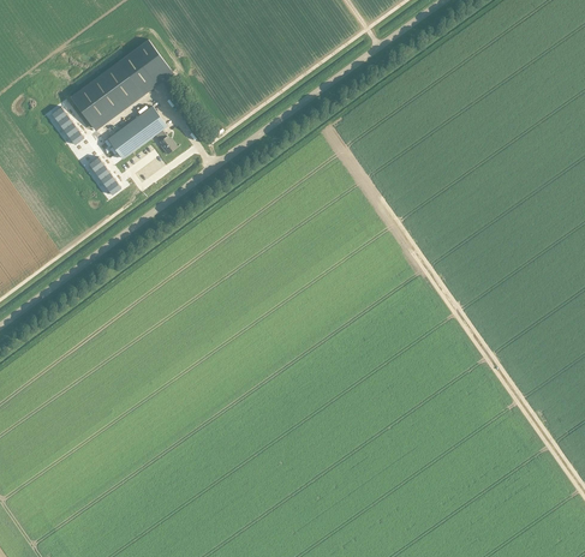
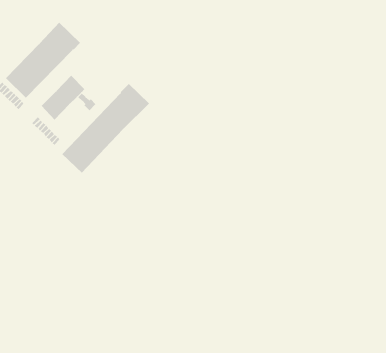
building: none -> [62,83,150,173]

